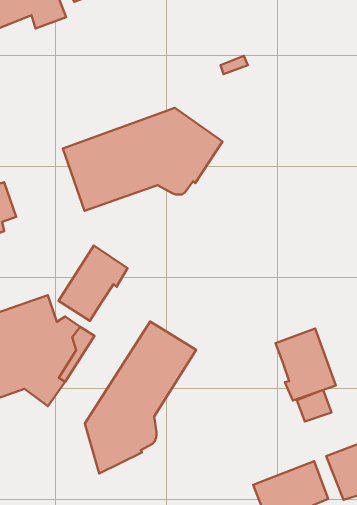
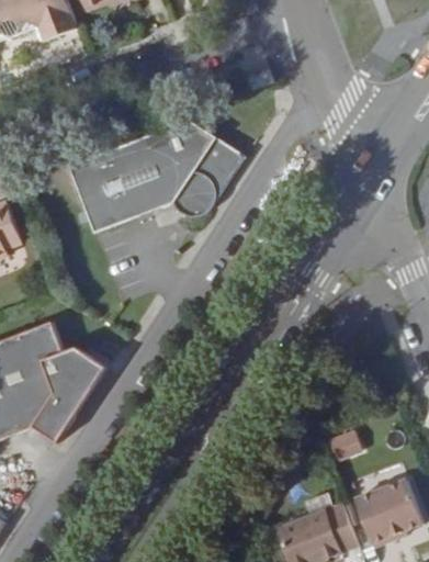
building: [58,246,127,321] -> none
building: [85,322,196,473] -> none
building: [276,328,336,401] -> none

